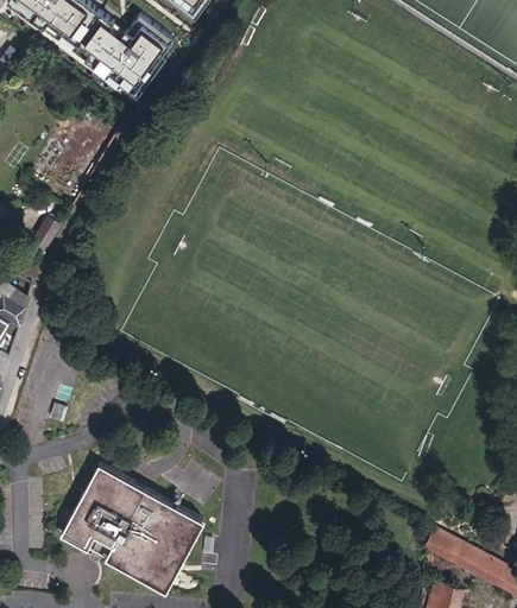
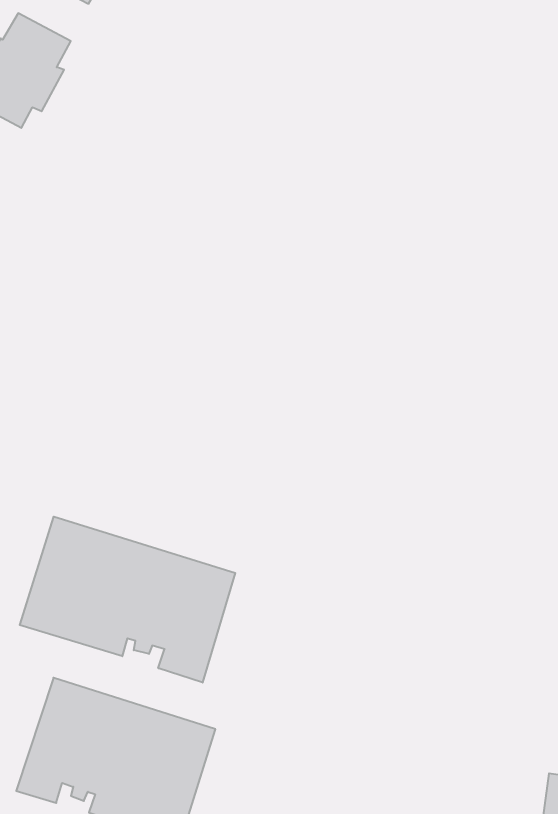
building: none -> [20,517,235,683]

